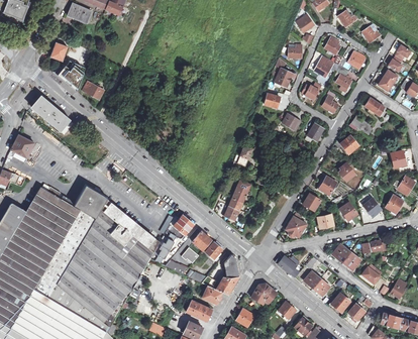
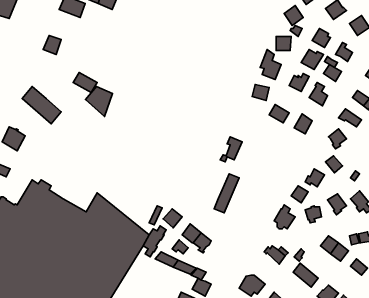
building: [59,62,86,92] -> [85,86,112,116]
building: [73,185,109,220] -> none
building: [216,254,238,295] -> none

